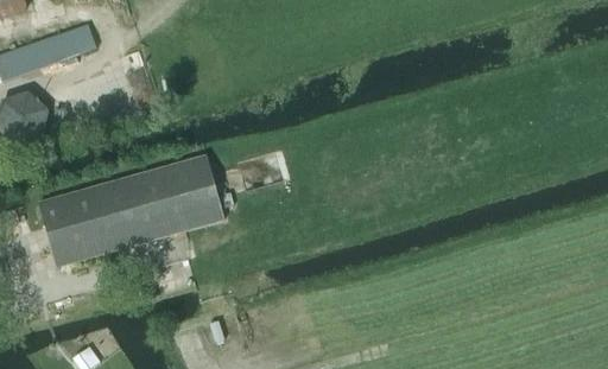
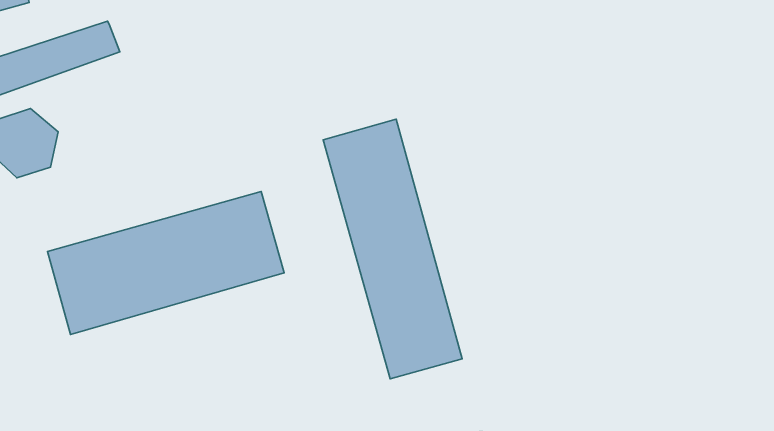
building: none -> [323,119,462,379]

